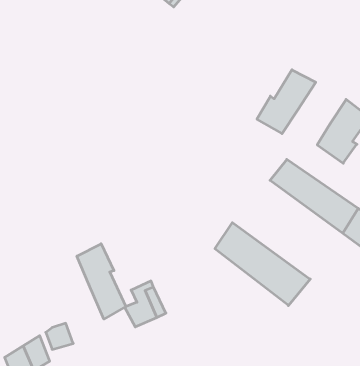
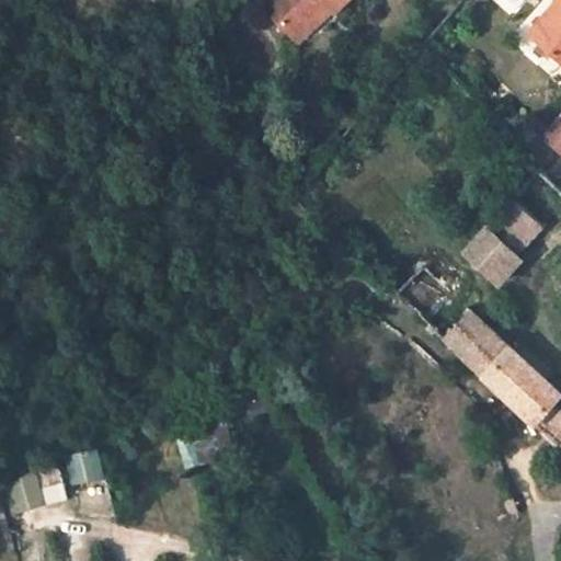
building: [257,70,316,134] -> none
building: [215,223,310,306] -> none
building: [77,244,126,319] -> none

